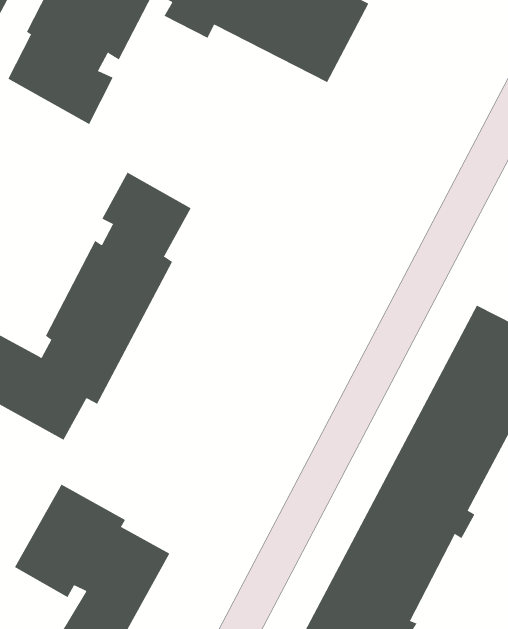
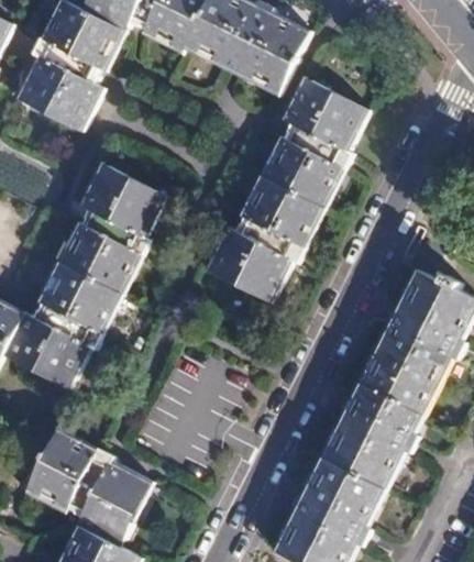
building: none -> [203,80,374,307]

